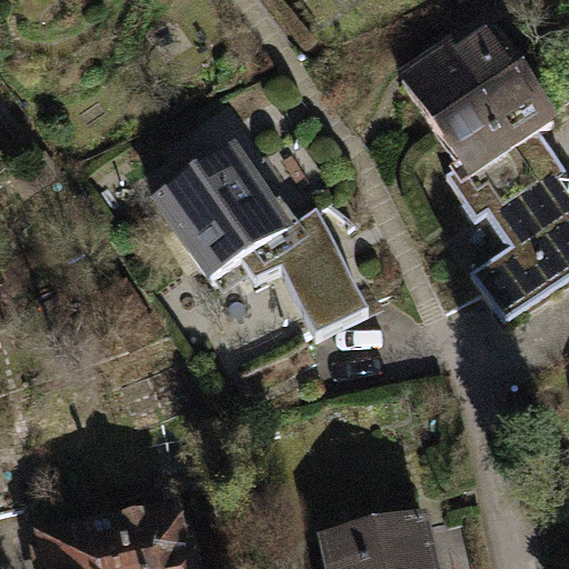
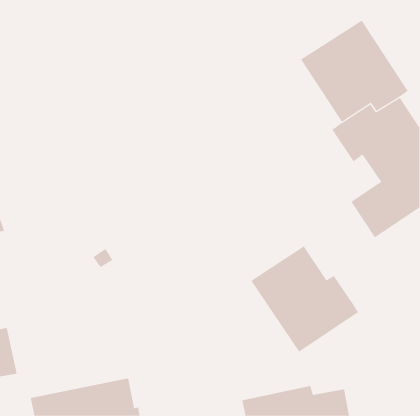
building: [158,148,368,340] -> none
building: none -> [251,245,359,352]

